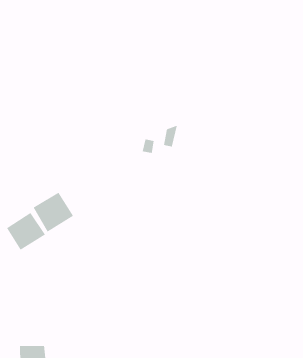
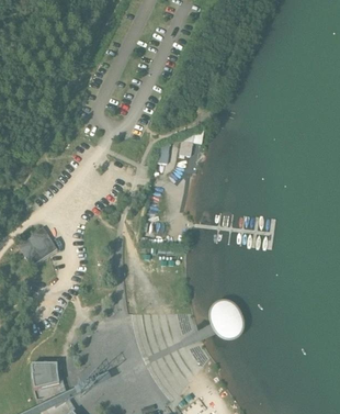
building: [33,192,74,232] -> none

